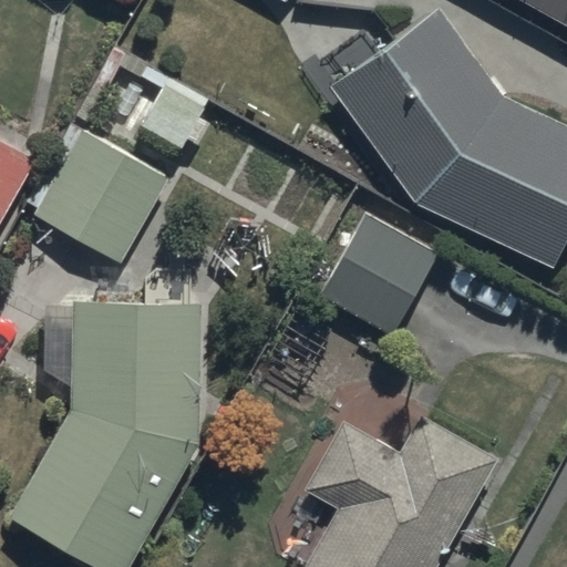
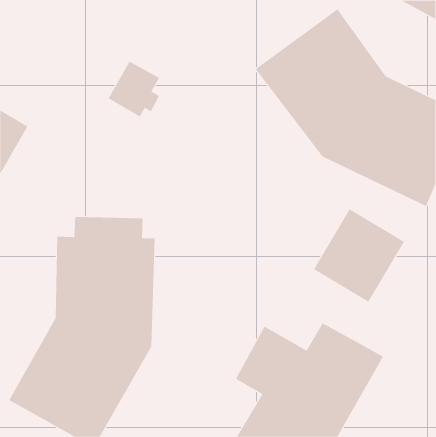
building: [35,131,167,261] -> none
building: [319,217,437,339] -> [313,208,405,302]

